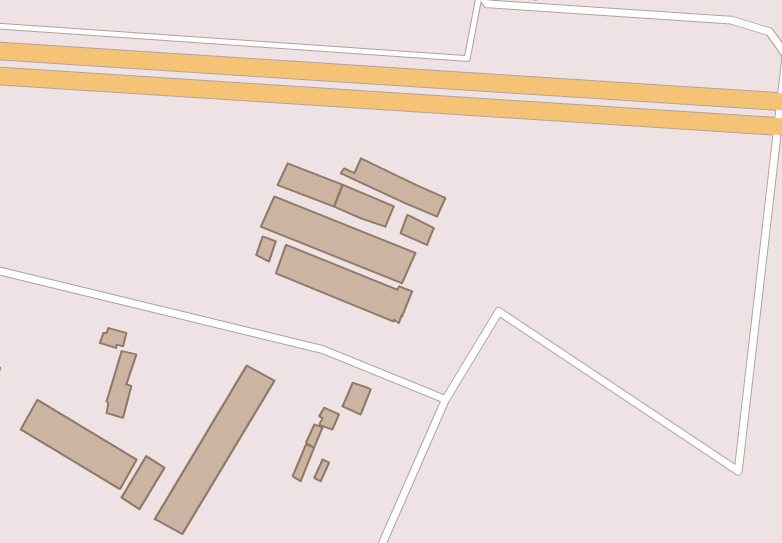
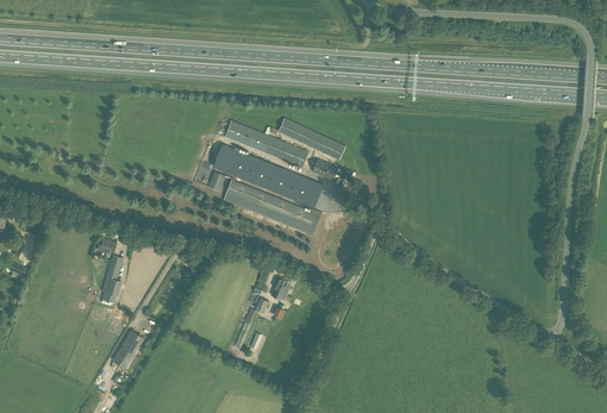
building: [155,366,274,534] -> none
building: [21,400,136,489] -> none

